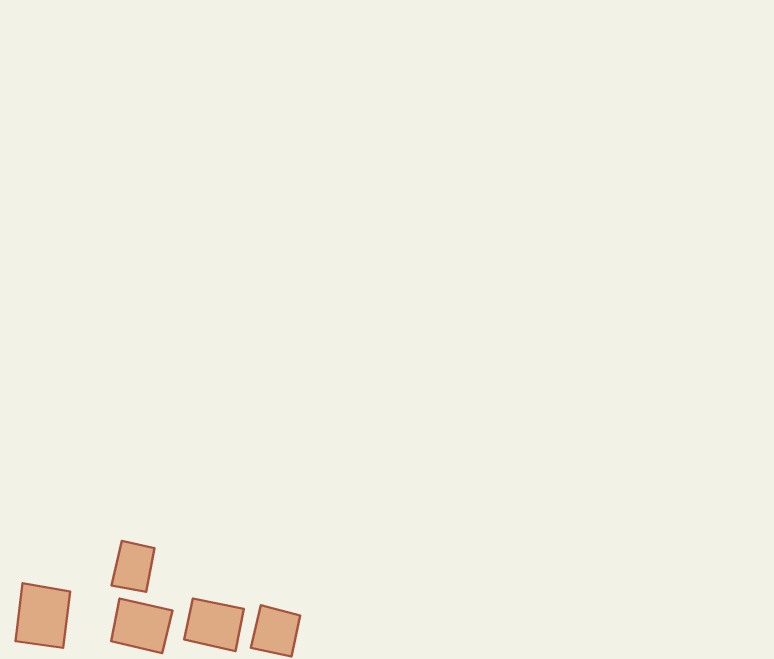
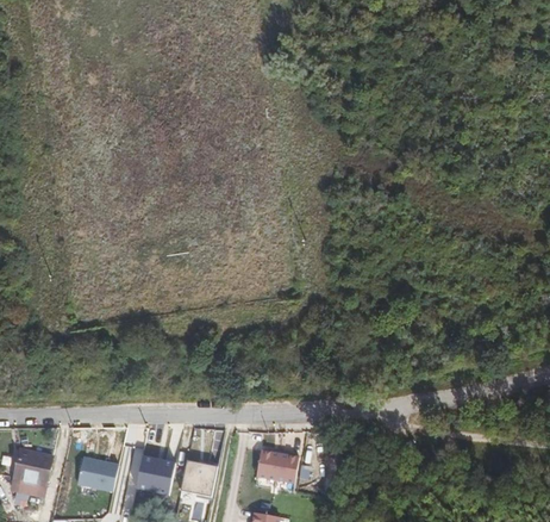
building: [112,541,154,592] -> none
building: none -> [257,449,299,481]

